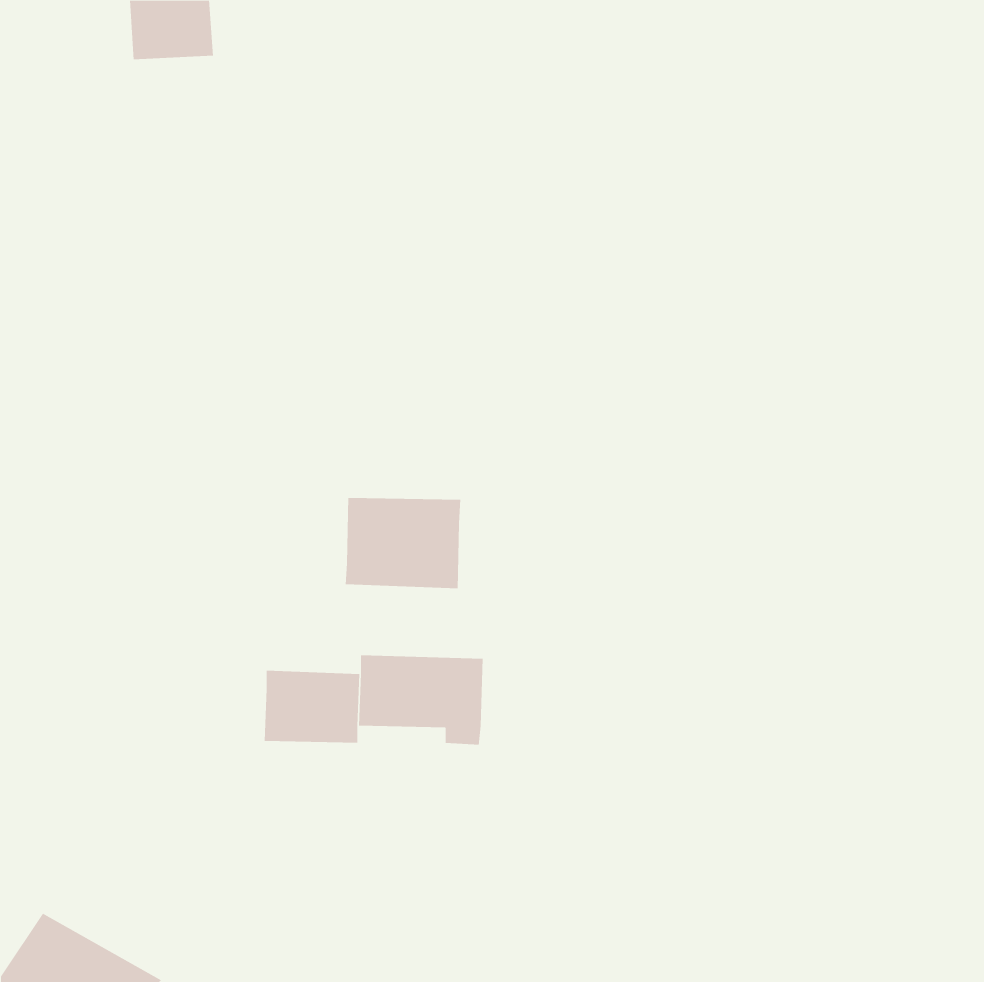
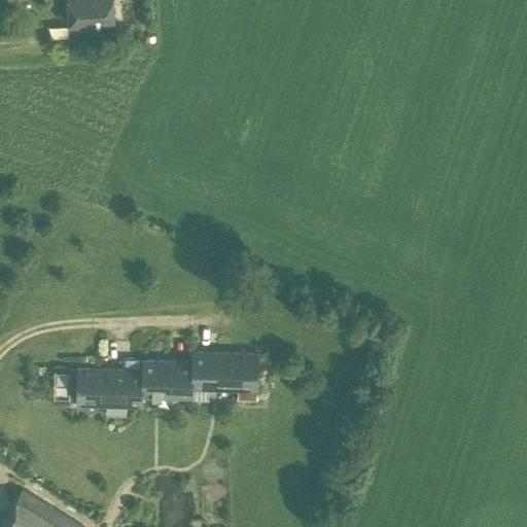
building: [345,497,461,589] -> none
building: none -> [76,367,142,415]

